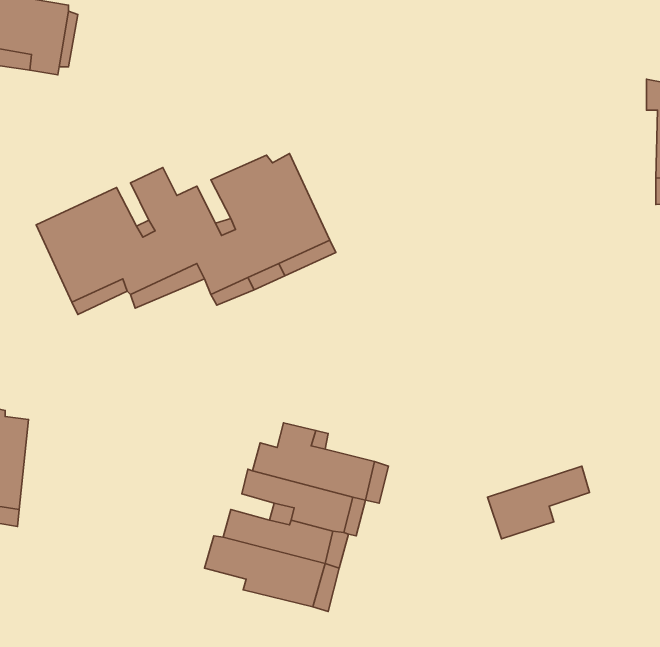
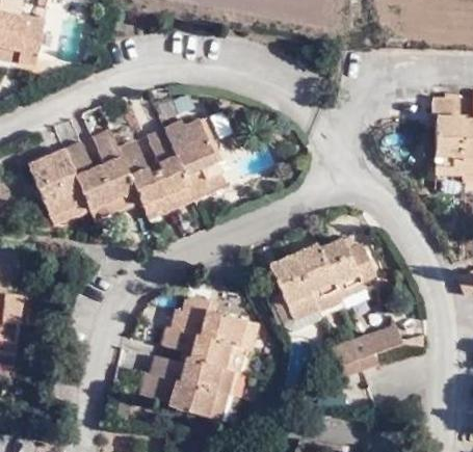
building: none -> [264,241,374,334]

